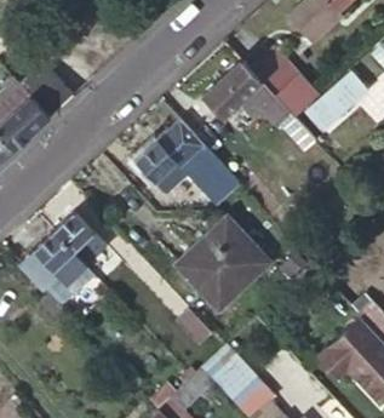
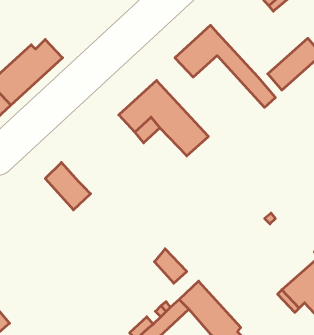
building: [250,46,317,116] -> none
building: [177,223,270,311] -> none
building: [19,230,87,290] -> none

